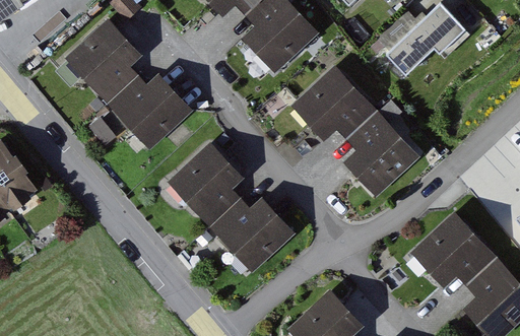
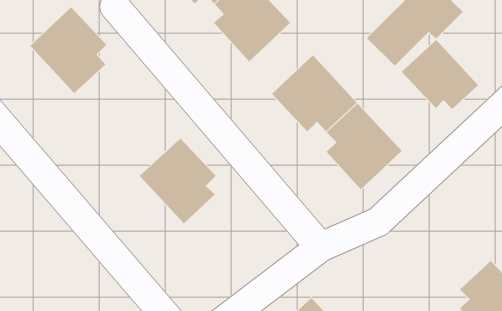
building: none -> [401,39,479,110]
building: [110,76,190,148] -> none
building: [211,197,291,269] -> none
building: [416,213,497,285] -> none

